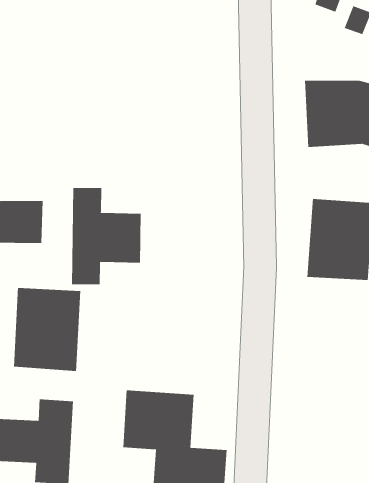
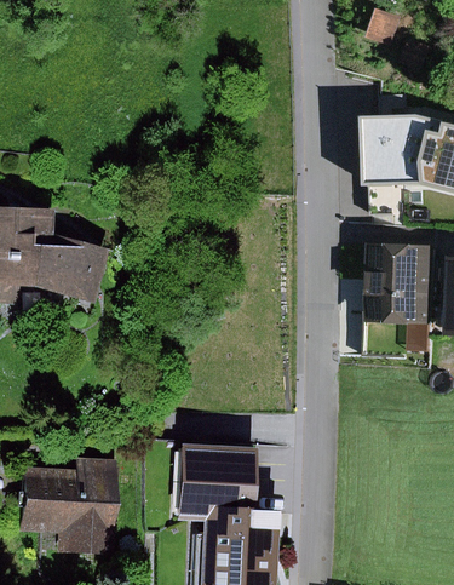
building: [72,187,141,285] -> none
building: [13,287,81,372] -> none

